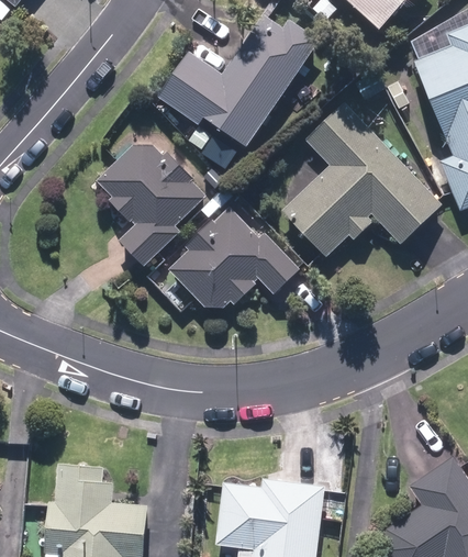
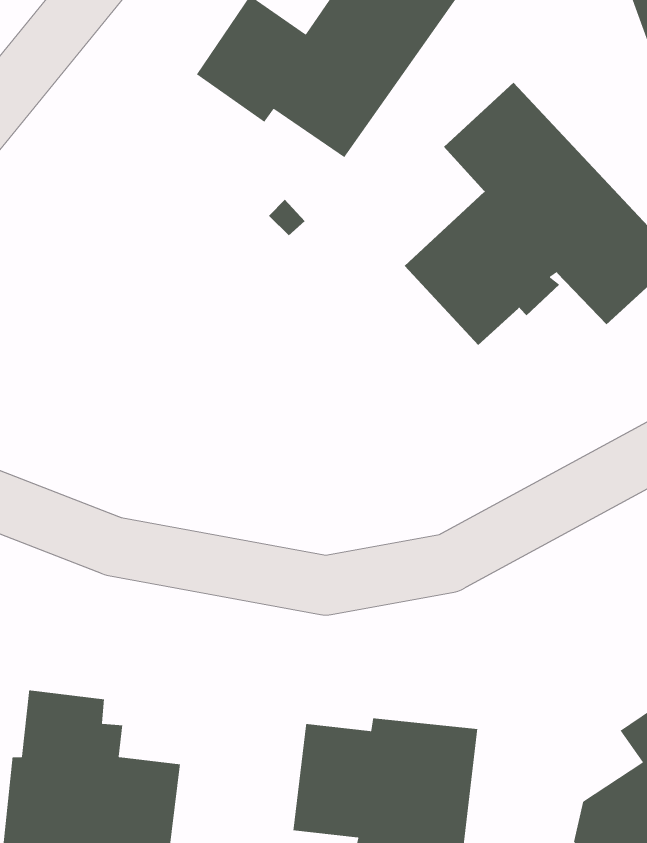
building: [94,138,205,267] -> none
building: [167,207,300,309] -> none

